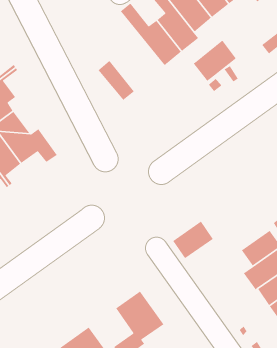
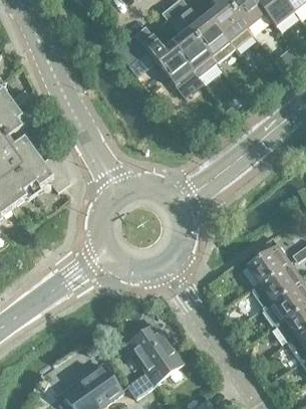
building: [193,40,237,82] -> none
building: [97,60,135,101] -> none
building: [172,221,214,259] -> [246,242,289,282]

